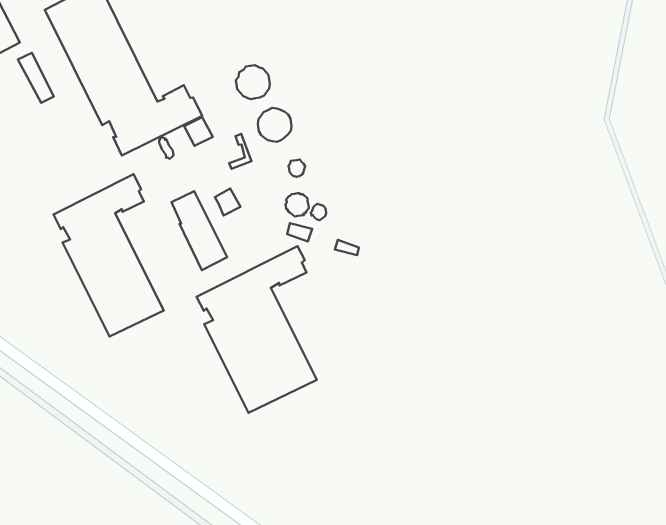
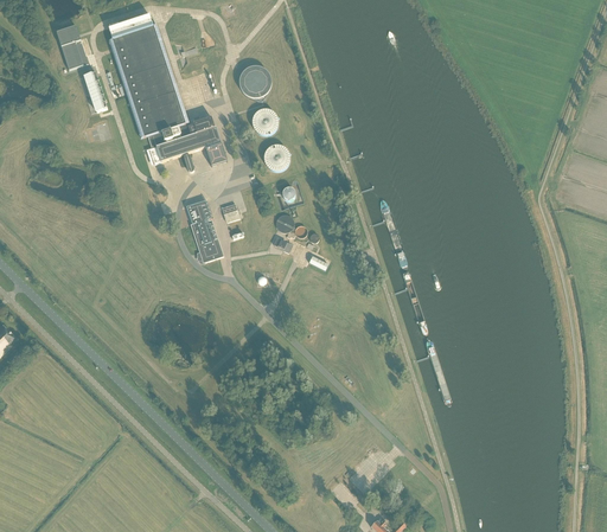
building: [53,174,164,337] -> none
building: [197,246,317,413] -> none

